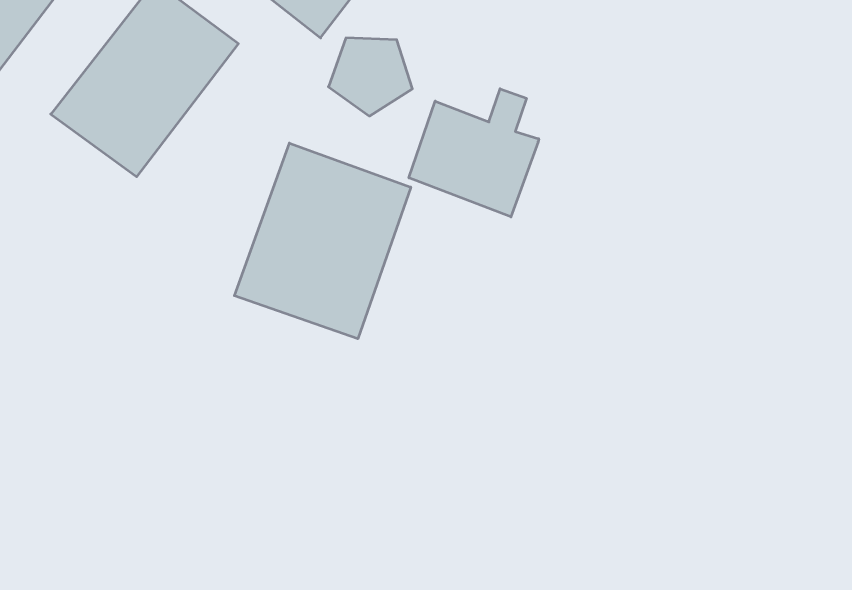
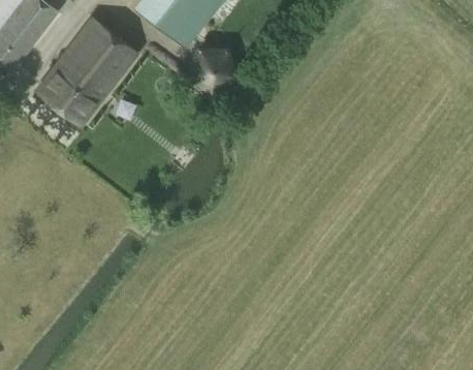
building: [409,89,539,217] -> none
building: [234,143,411,339] -> none

